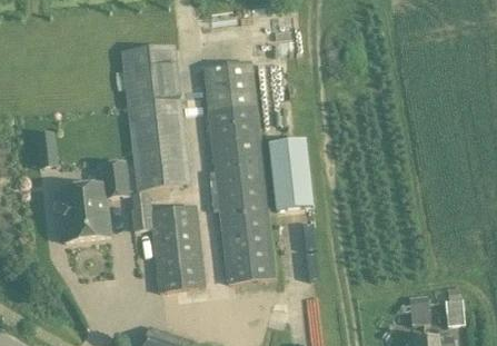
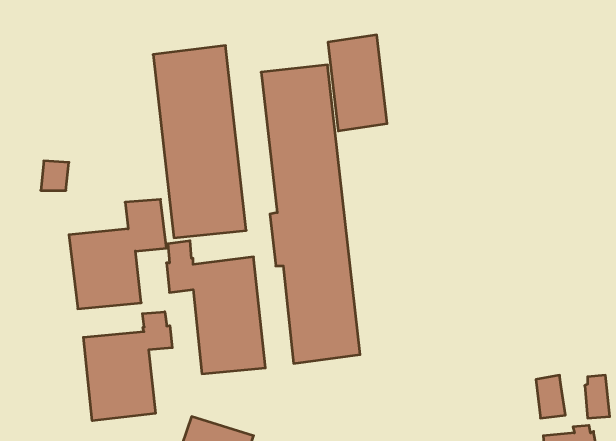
building: [269,137,314,209] -> [328,35,387,131]
building: none -> [83,312,172,421]

